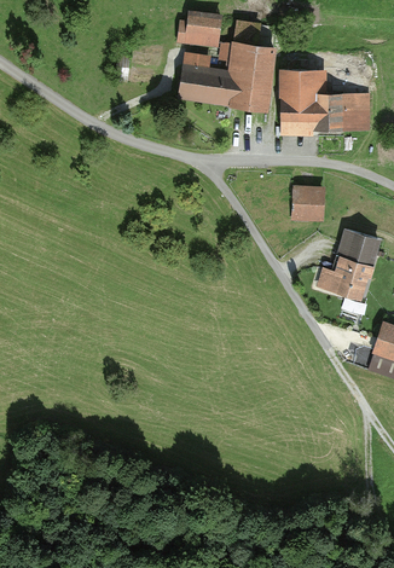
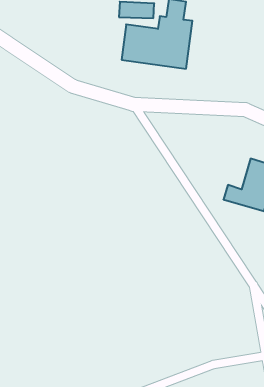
building: [284,70,361,133] -> none
building: [289,190,328,218] -> none

